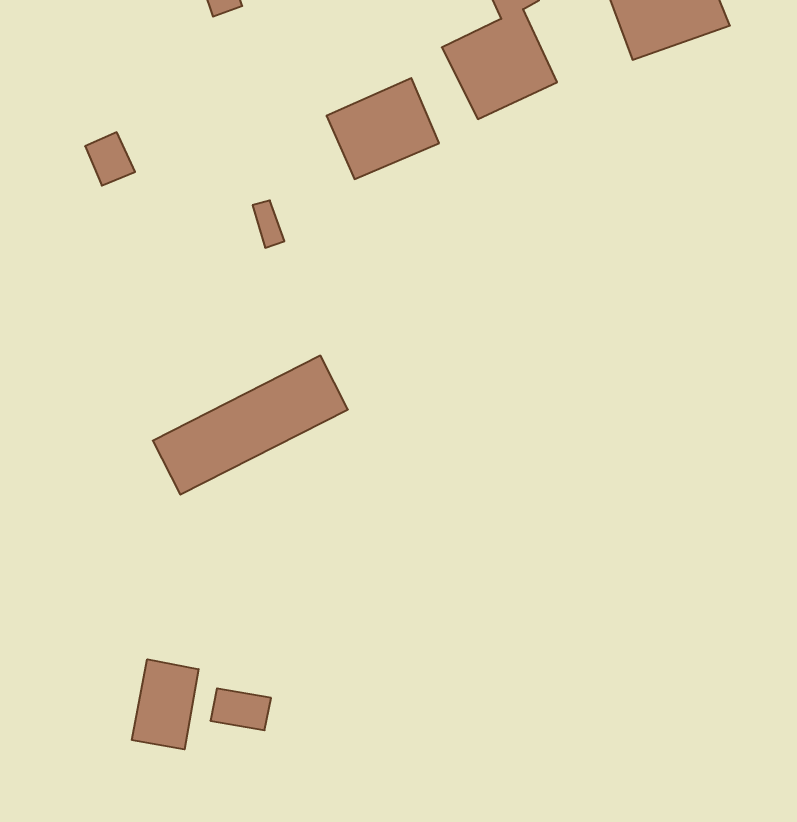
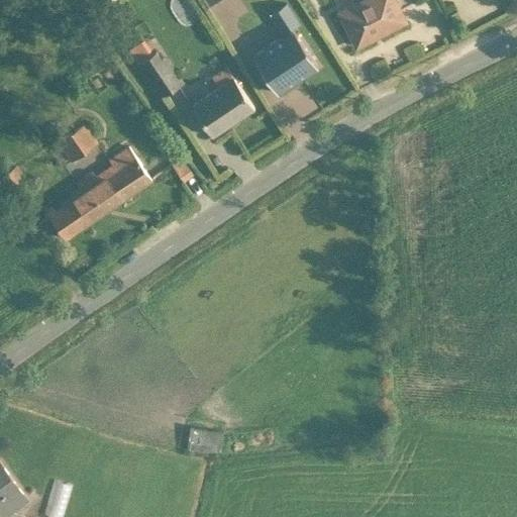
building: none -> [135,50,178,99]
building: [153,356,348,495] -> [48,156,152,242]
building: [132,659,199,749] -> none

